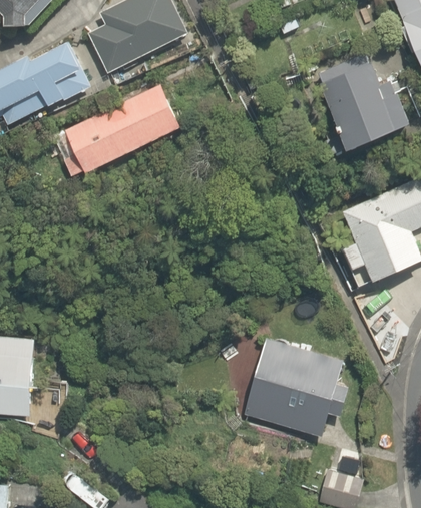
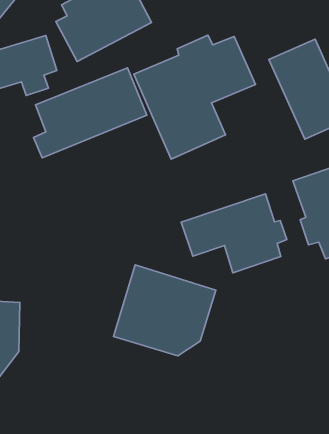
building: none -> [134,35,255,159]
building: none -> [181,194,287,273]
building: [245,338,355,436] -> [114,265,216,356]

